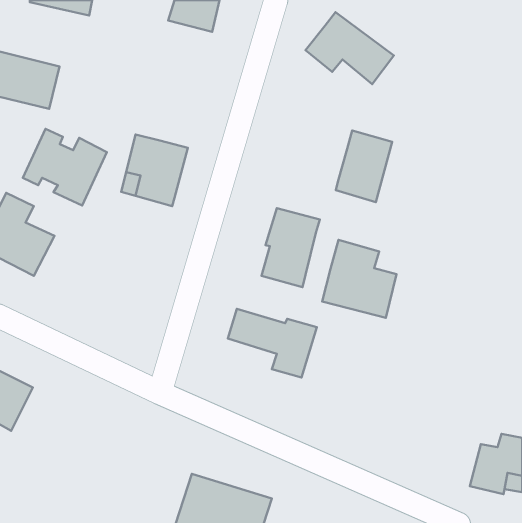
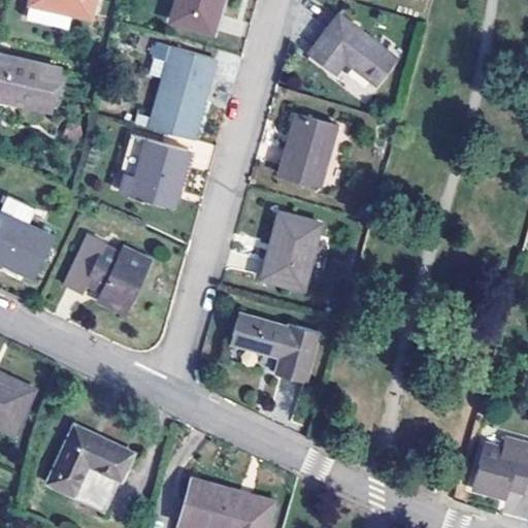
building: none -> [150,41,216,130]
building: [23,129,107,206] -> [65,235,150,312]
building: [336,131,392,202] -> [278,113,335,186]
building: [322,240,396,318] -> none
building: none -> [45,425,131,509]

